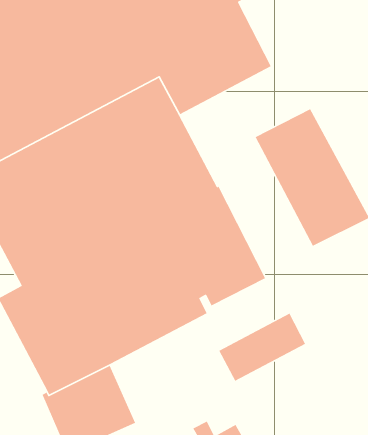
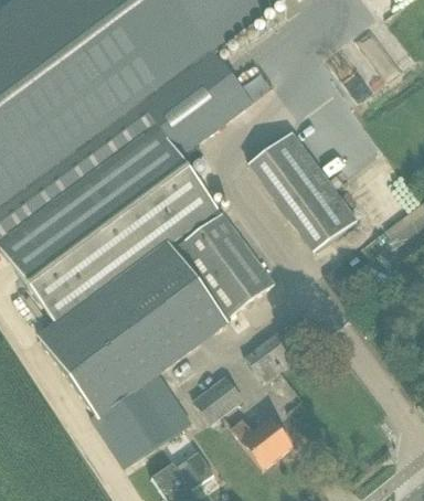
building: none -> [192,374,243,423]

